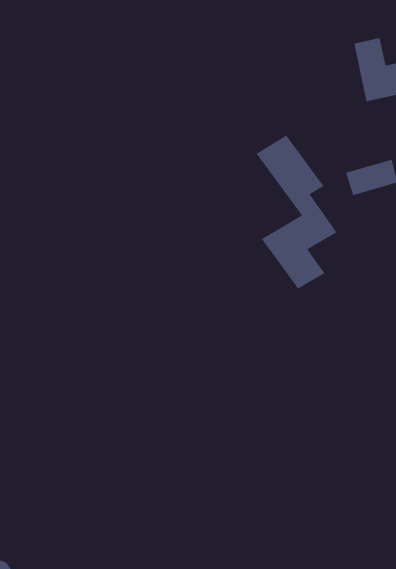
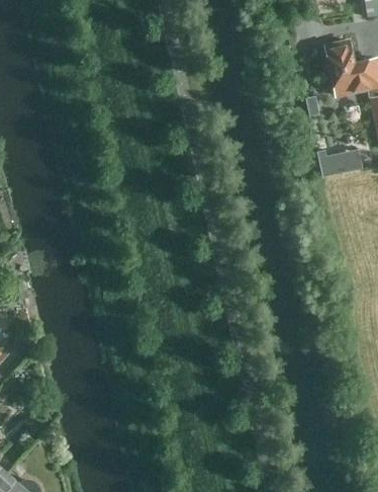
building: [255,135,337,290] -> none

